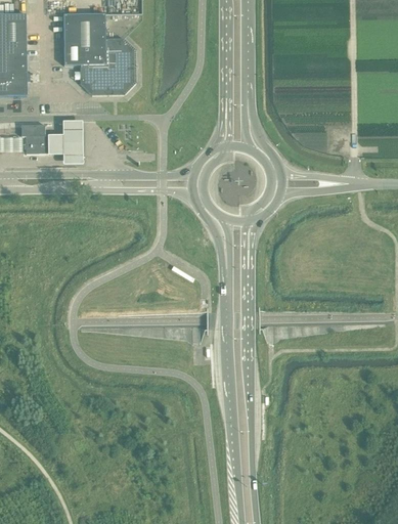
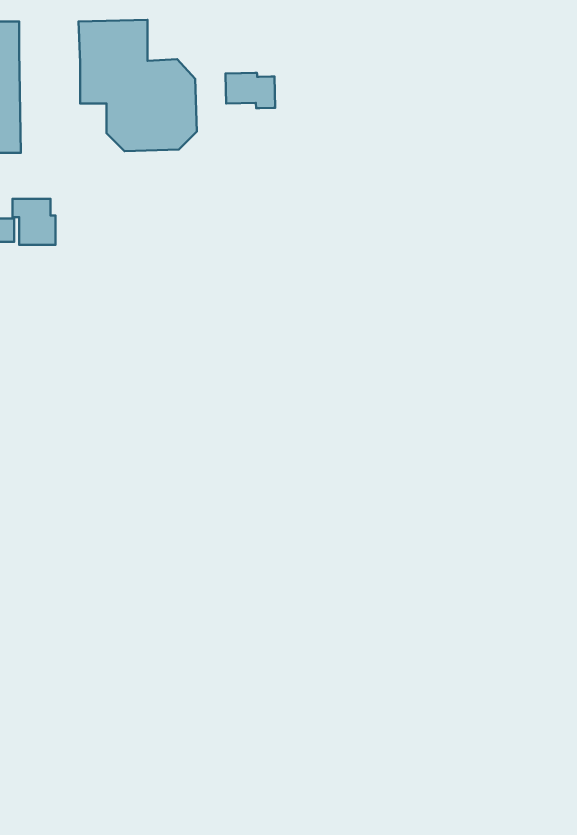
building: none -> [225,73,275,108]
building: [48,120,83,163] -> none

